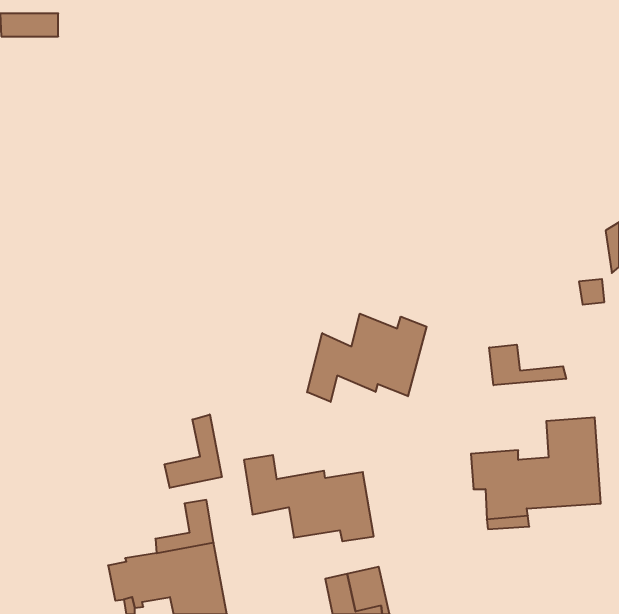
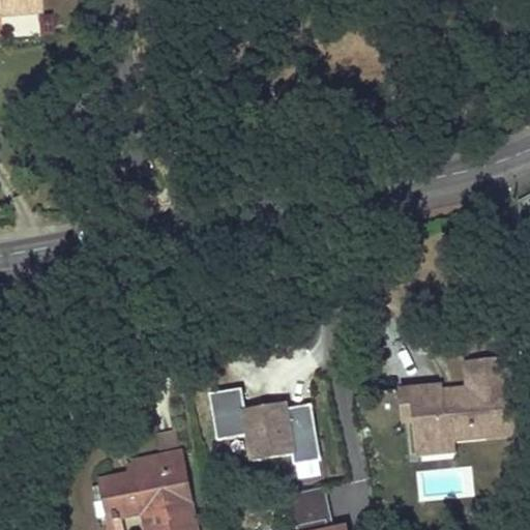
building: [307,314,427,402] -> none
building: [489,345,566,385] -> none
building: [165,414,222,488] -> none

